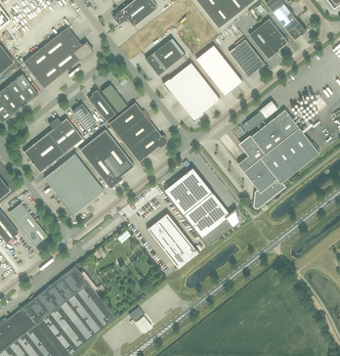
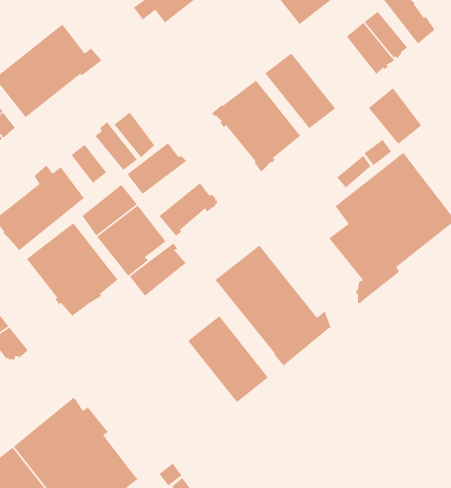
building: [145,38,185,75] -> none
building: [229,39,264,76] -> [368,87,422,145]
building: [119,115,156,149] -> [129,242,186,297]

